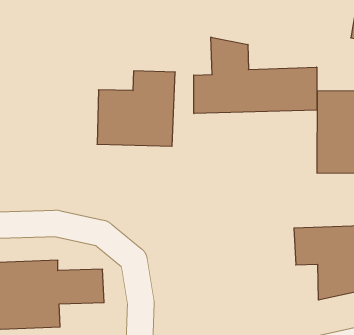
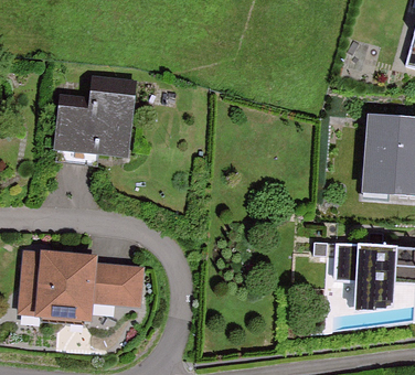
building: [194,37,317,114] -> none
building: [97,71,175,146] -> [60,79,140,154]

